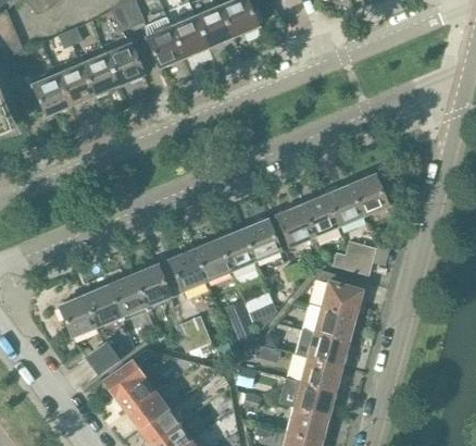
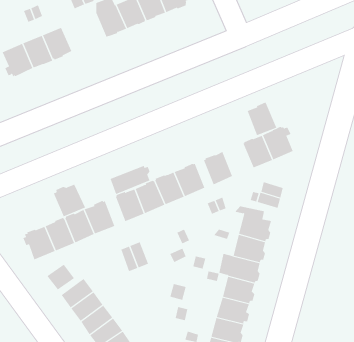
building: [104,42,142,83] -> none
building: [301,194,338,235] -> [247,102,277,136]
building: none -> [110,165,150,195]
building: none -> [53,184,86,217]

